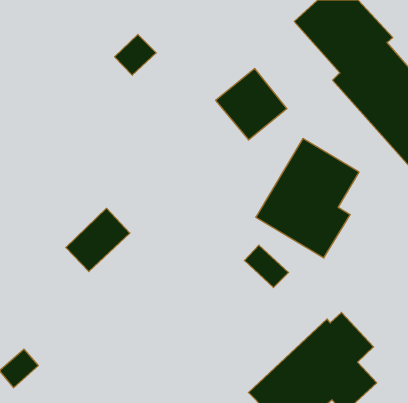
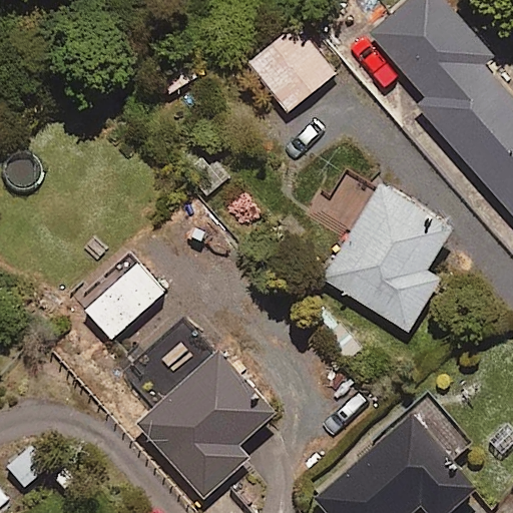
building: [216,69,287,140] -> [246,23,336,112]
building: none -> [135,350,274,499]

